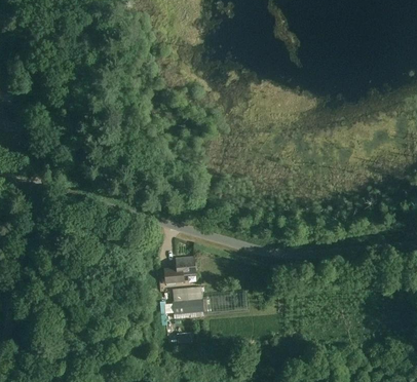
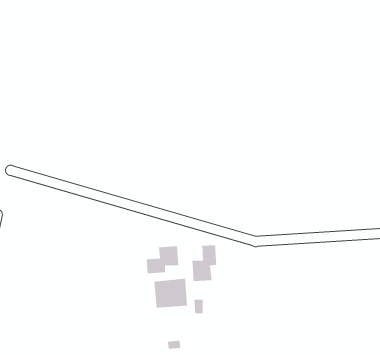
building: none -> [192,245,217,282]

